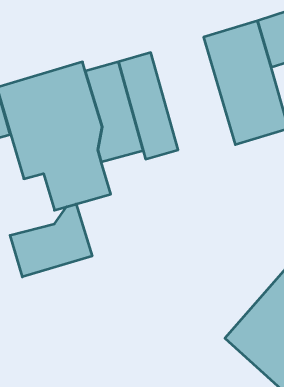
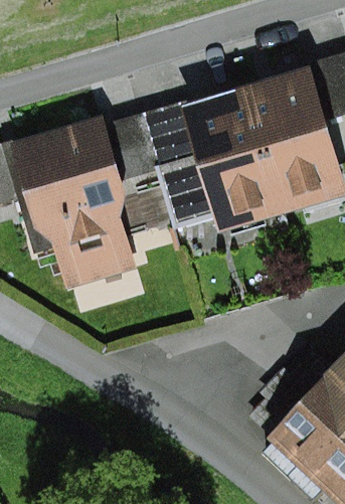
building: none -> [183,86,283,231]
building: [10,204,92,277] -> none

